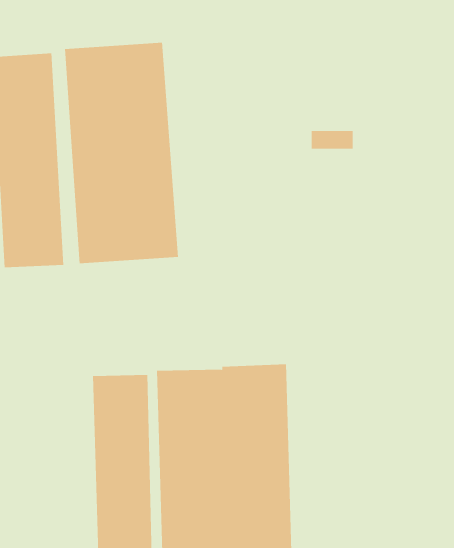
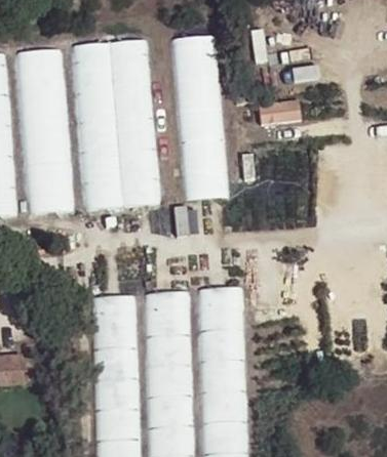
building: none -> [172,35,228,199]

